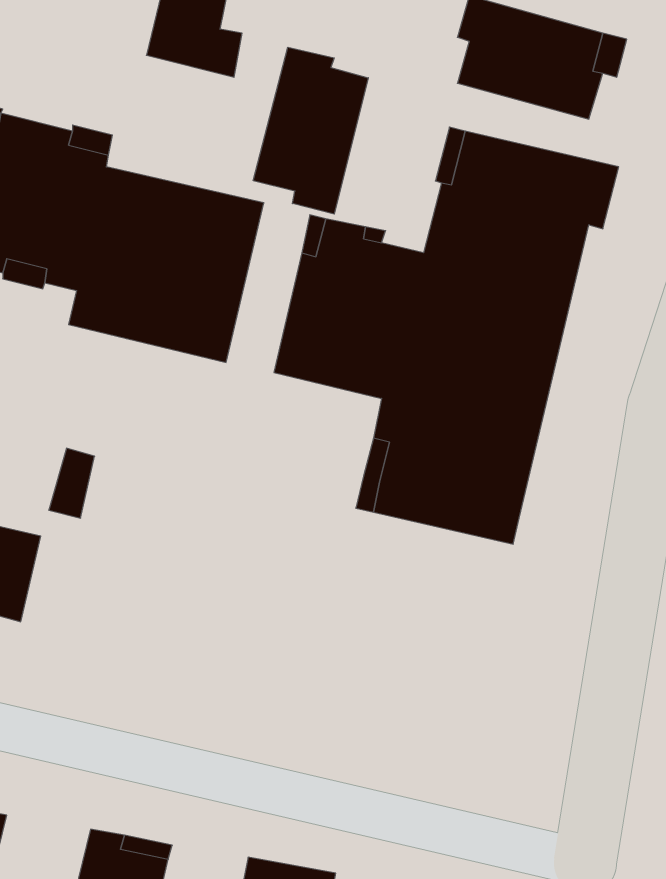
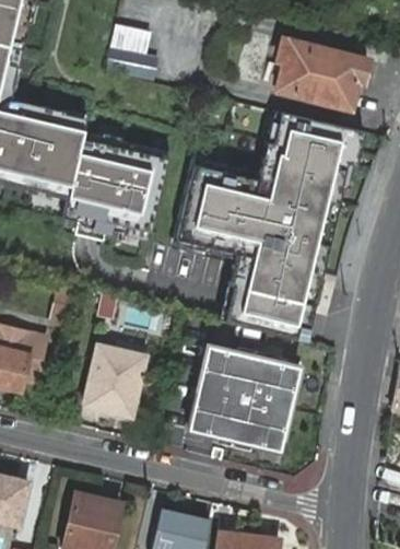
building: [253,47,368,214] -> none
building: none -> [83,346,142,412]
building: none -> [181,351,297,459]

